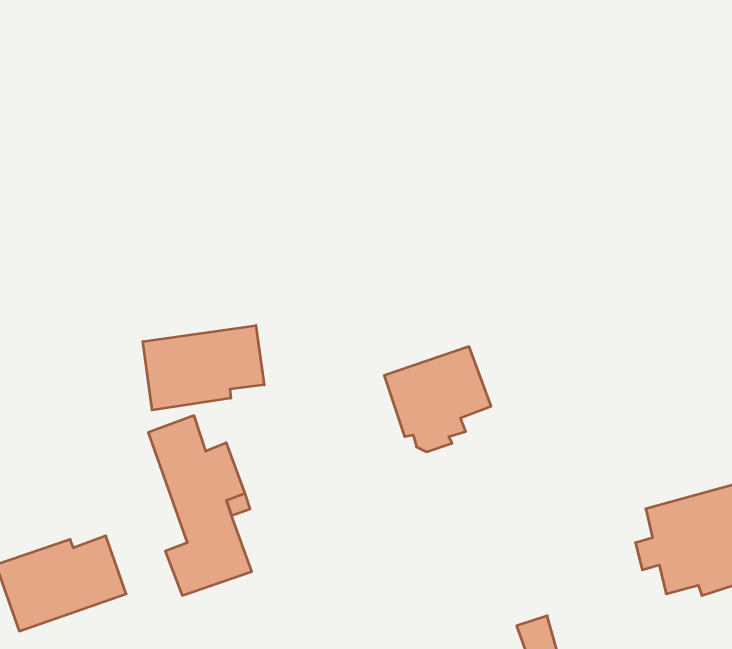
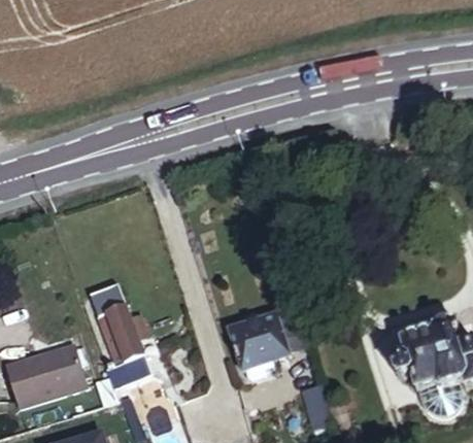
building: [143,325,264,410] -> none
building: [384,347,491,452] -> [228,308,293,372]

